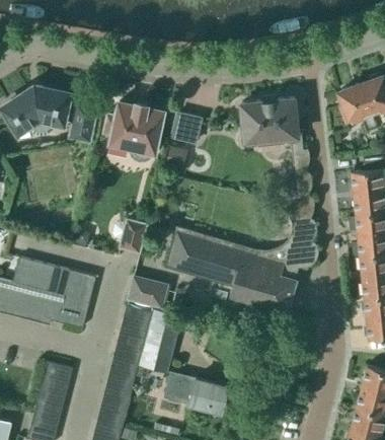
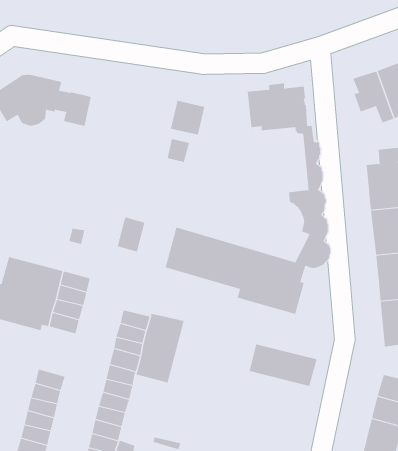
building: [104,102,164,160] -> none
building: [128,277,166,312] -> none
building: [165,372,229,412] -> [249,344,318,386]

